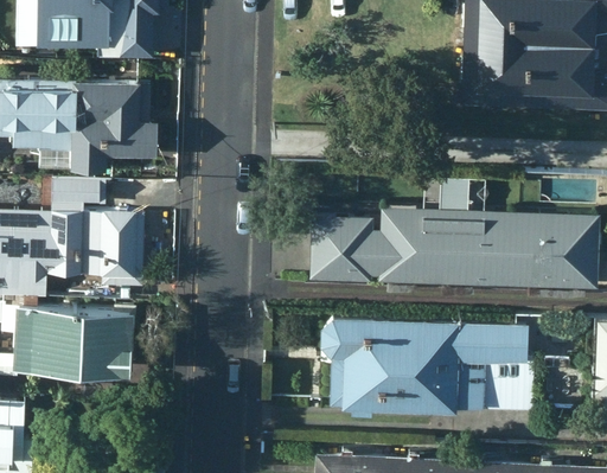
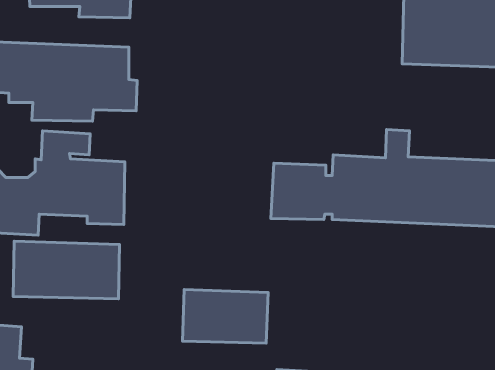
building: [320,319,531,415] -> none
building: none -> [182,289,268,343]

